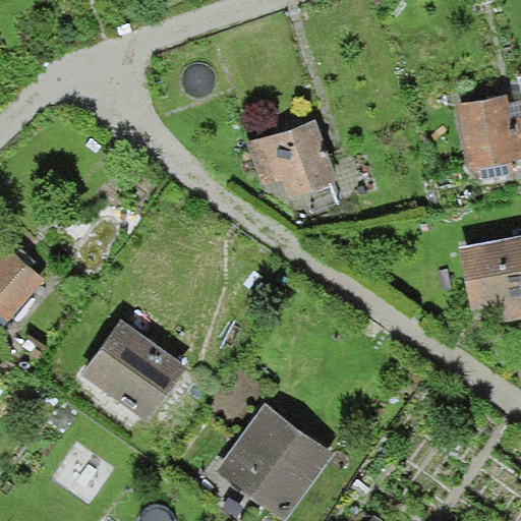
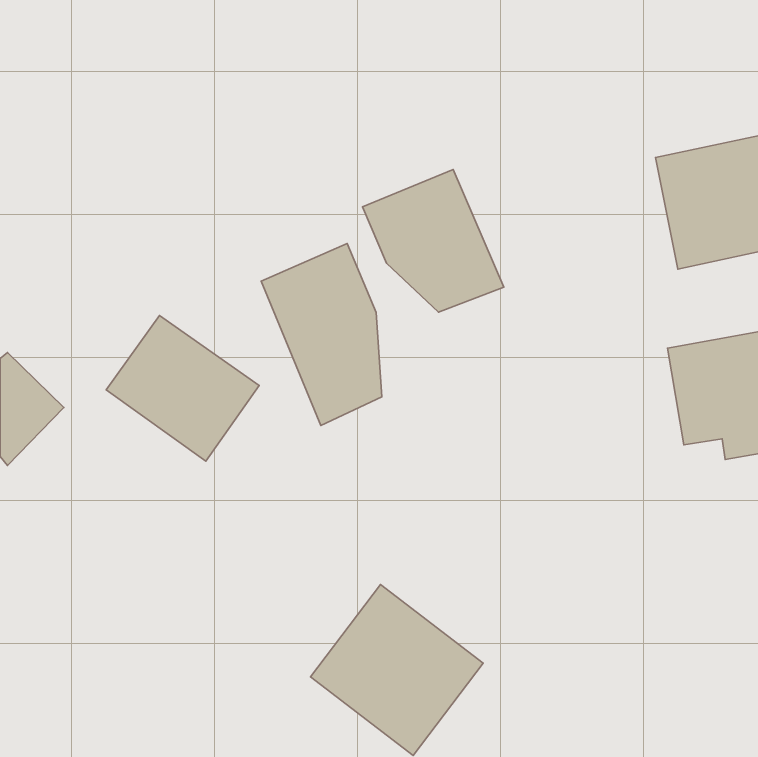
building: none -> [261,244,382,425]
building: [82,322,187,421] -> [106,316,259,461]

